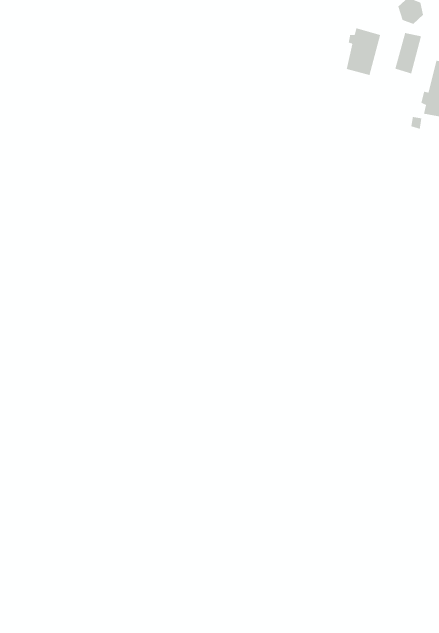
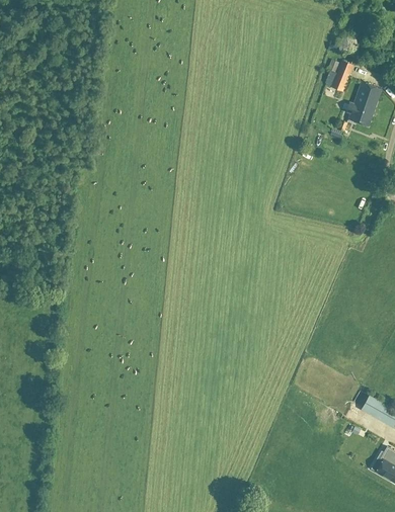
building: [346,27,381,76] -> none

